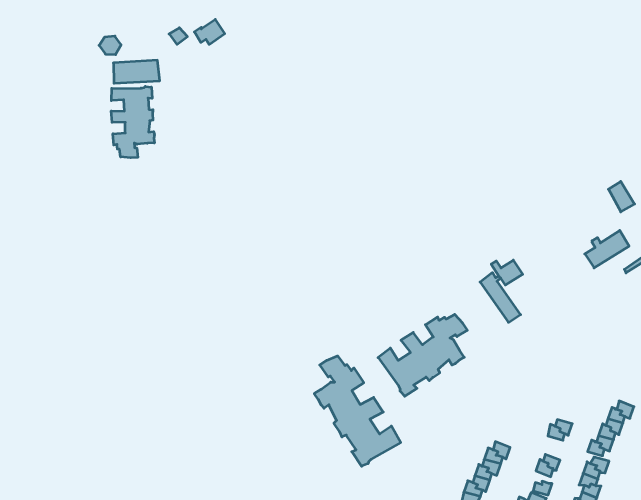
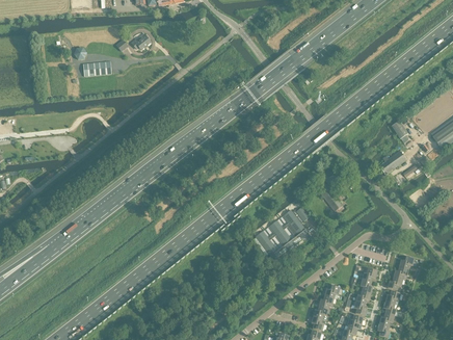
building: [111,86,154,158] -> none
building: [314,356,401,466] -> none

